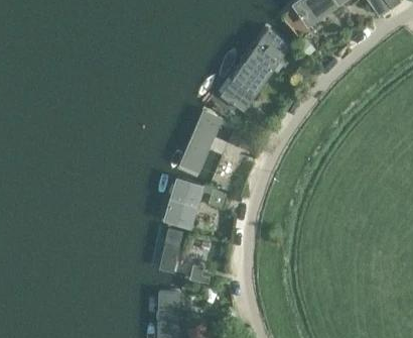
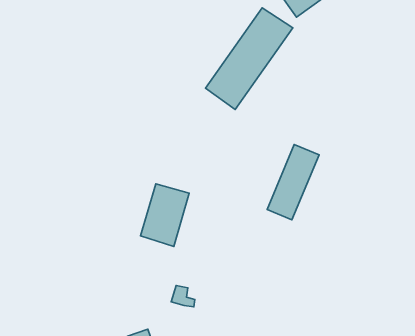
building: [177,109,222,174] -> [267,144,319,220]
building: [156,227,181,272] -> none

